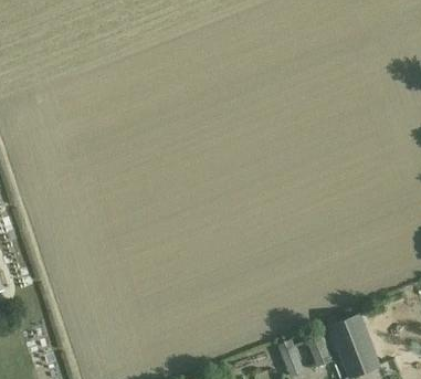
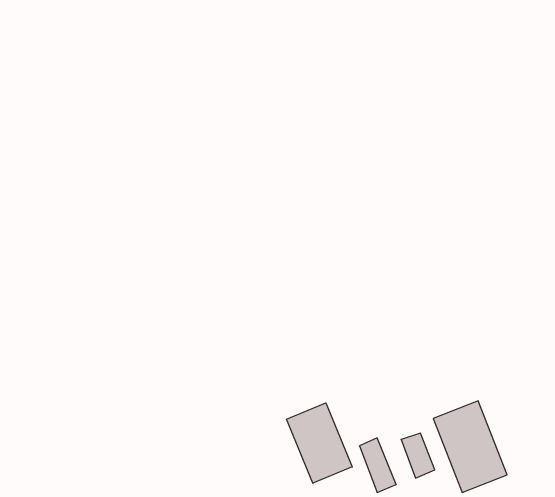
building: none -> [286,403,352,483]

